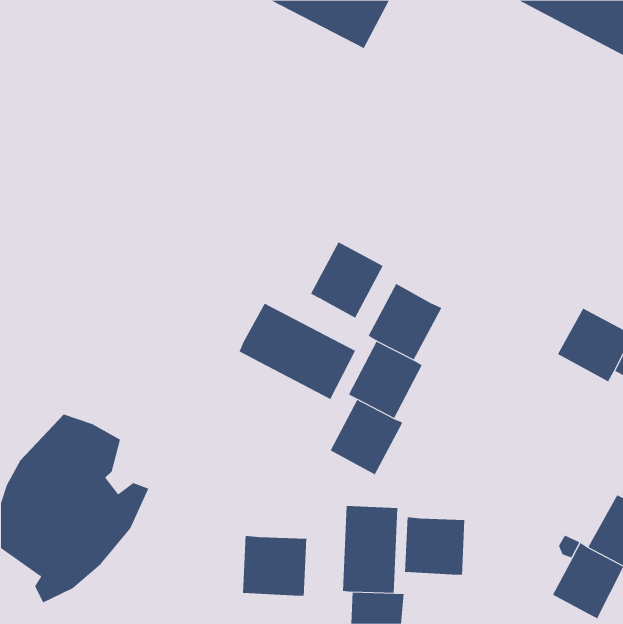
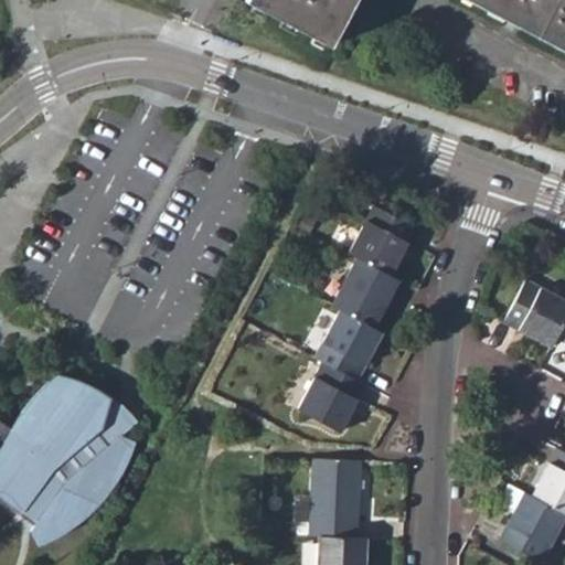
building: [310,241,383,318] -> [350,204,416,274]
building: [239,303,356,400] -> none
building: [405,517,465,575] -> none
building: [243,535,307,596] -> none

